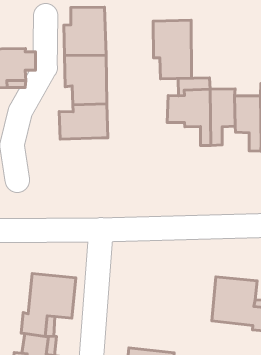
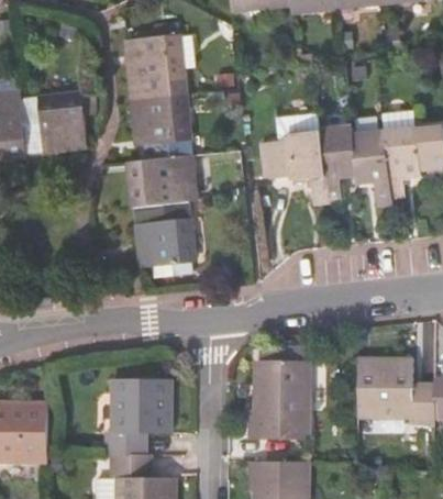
building: [153,20,192,79] -> none
building: none -> [137,200,197,266]
building: none -> [245,363,303,442]

